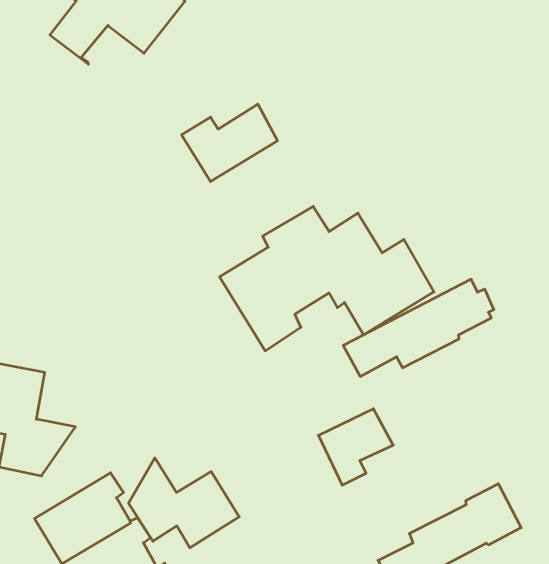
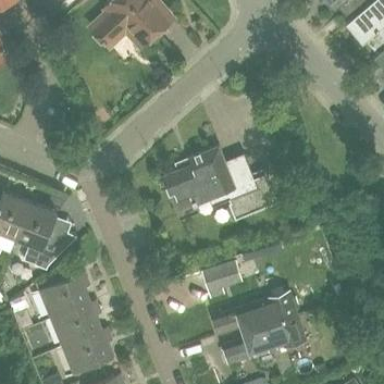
building: [182,104,277,182] -> none
building: [343,279,494,376] -> [212,290,298,334]
building: [129,458,239,548] -> none

